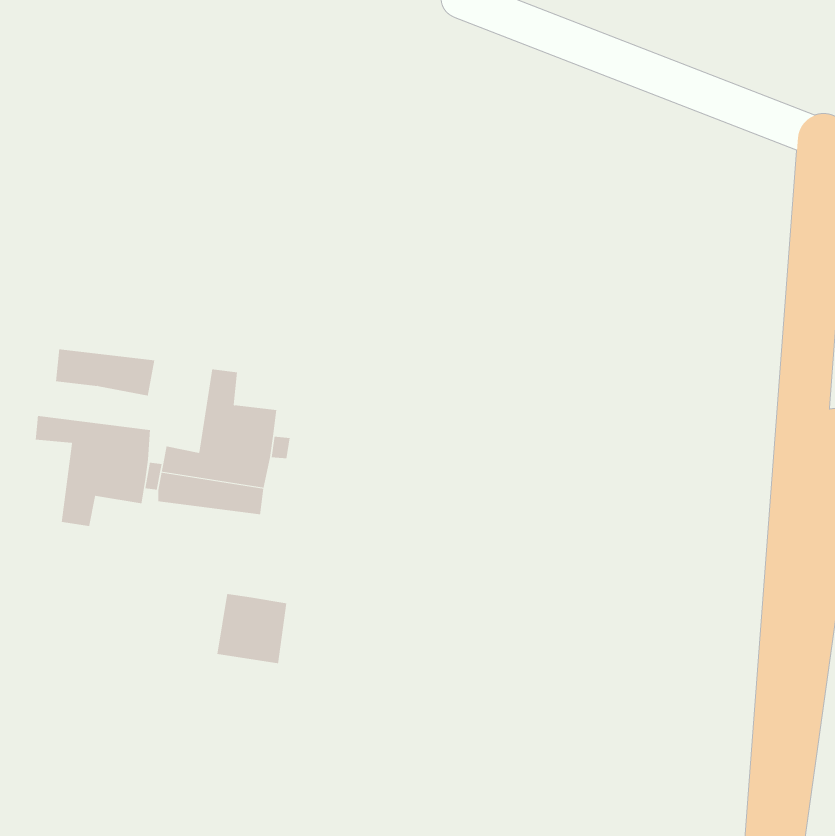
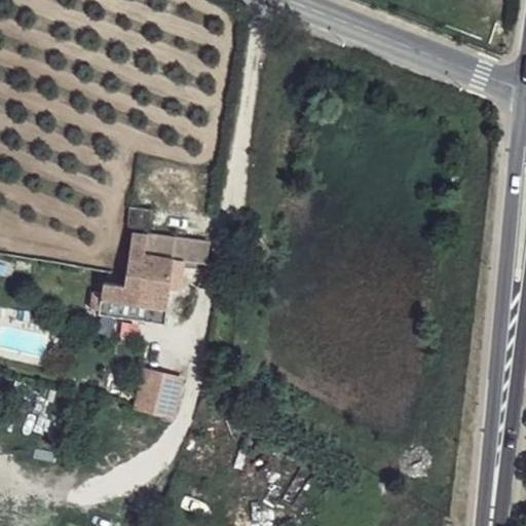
building: [55,349,155,396] -> [147,233,210,263]
building: [35,415,151,527] -> none

